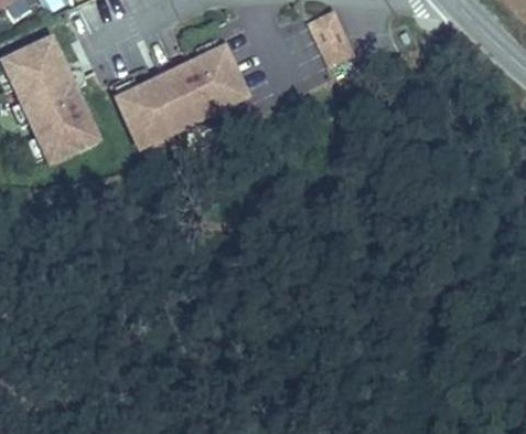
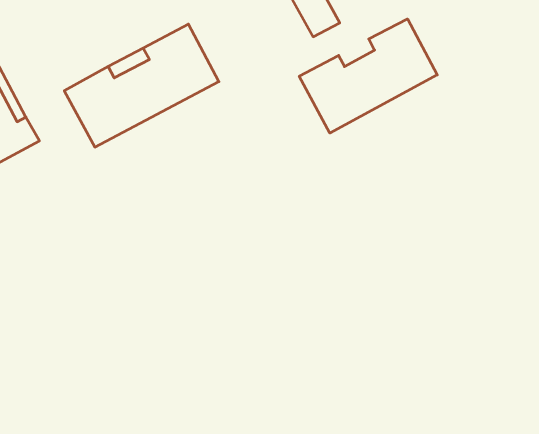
building: none -> [299,19,437,133]

